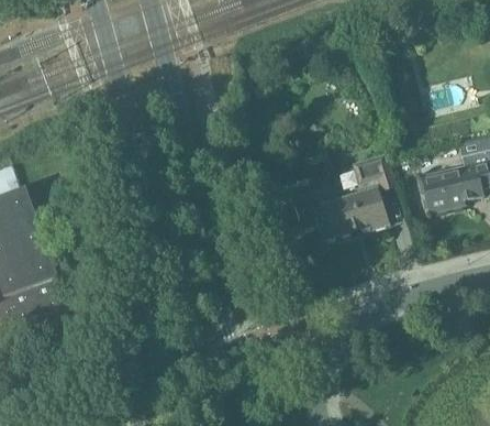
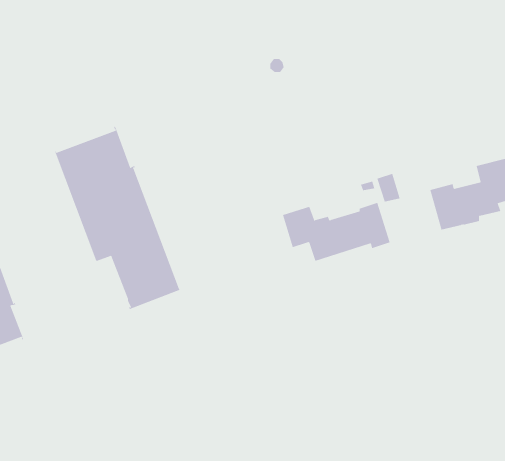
building: none -> [54,126,181,310]

